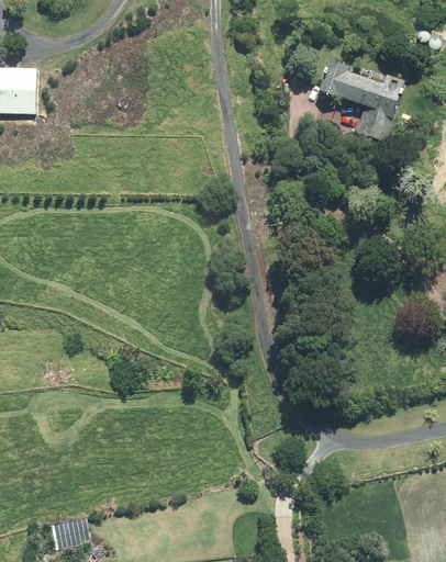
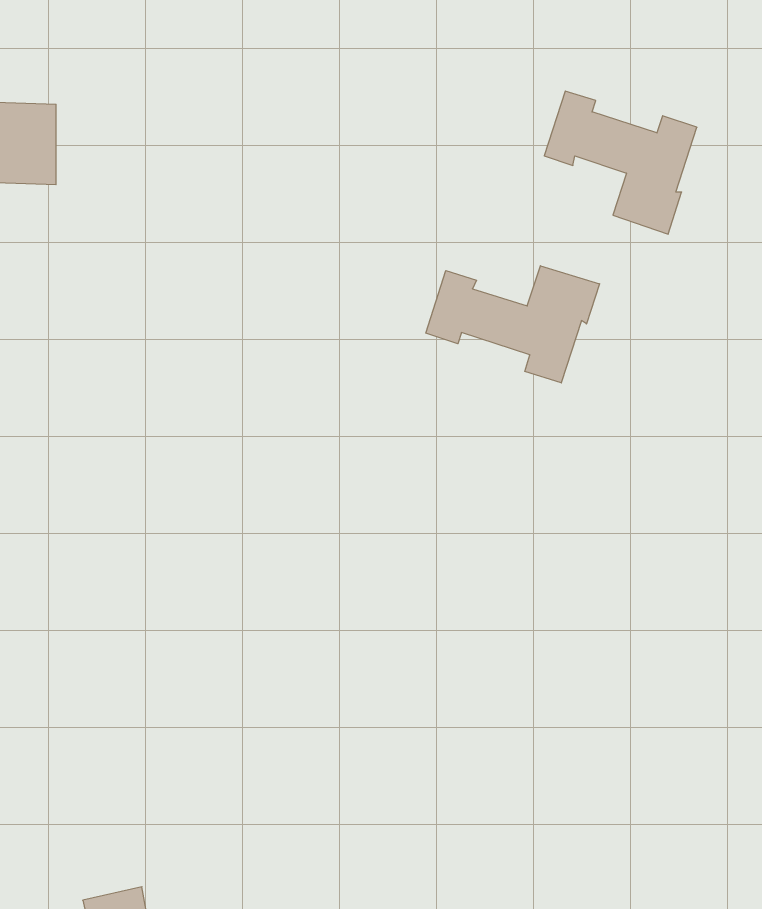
building: none -> [426,266,600,383]

